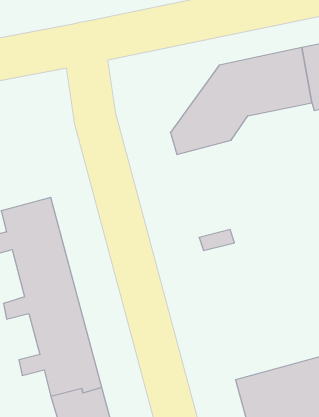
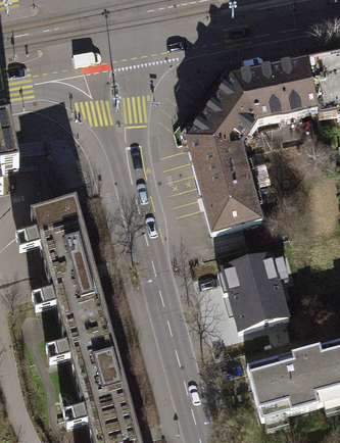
building: none -> [192,141,261,229]
building: none -> [221,252,288,330]

